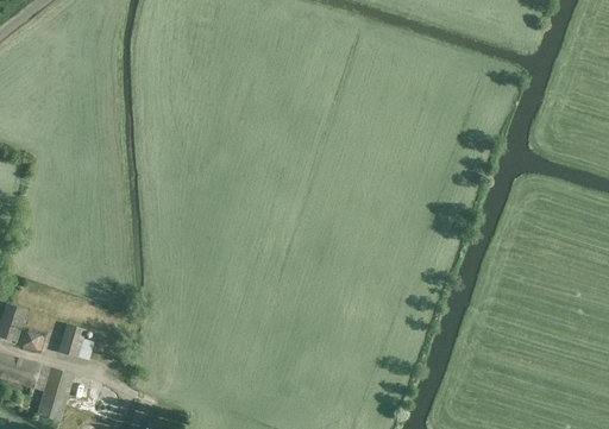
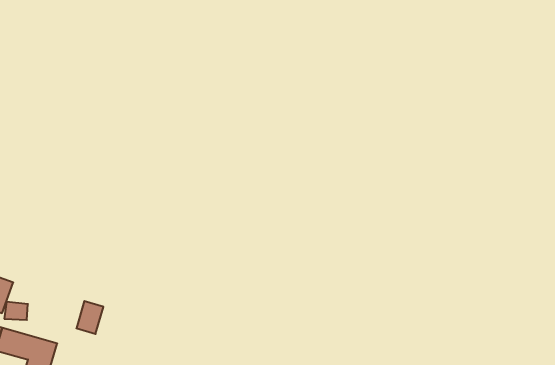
building: [57,323,86,358] -> [76,301,103,334]

